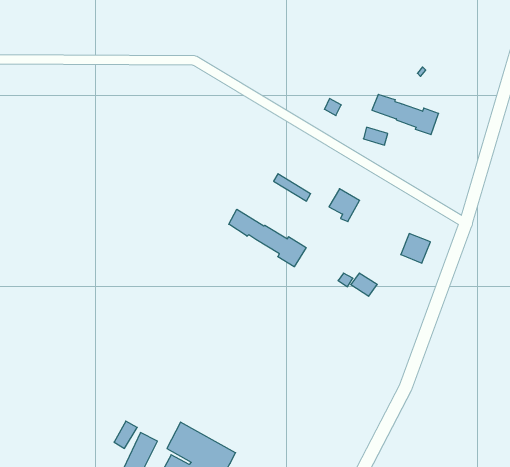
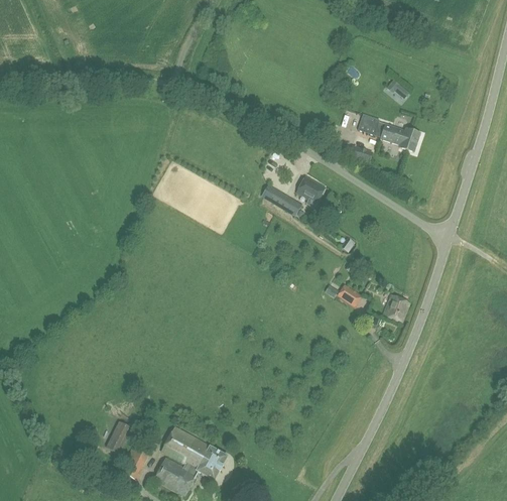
building: [329,189,360,222] -> [295,174,325,206]
building: [229,209,306,267] -> none
building: [401,234,430,263] -> [382,293,410,322]

